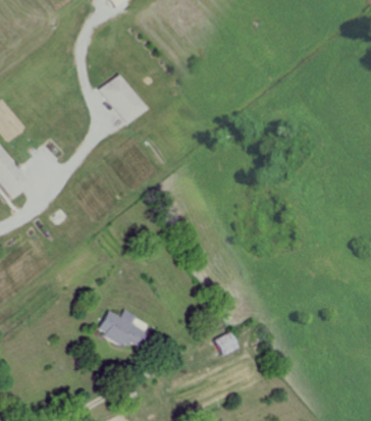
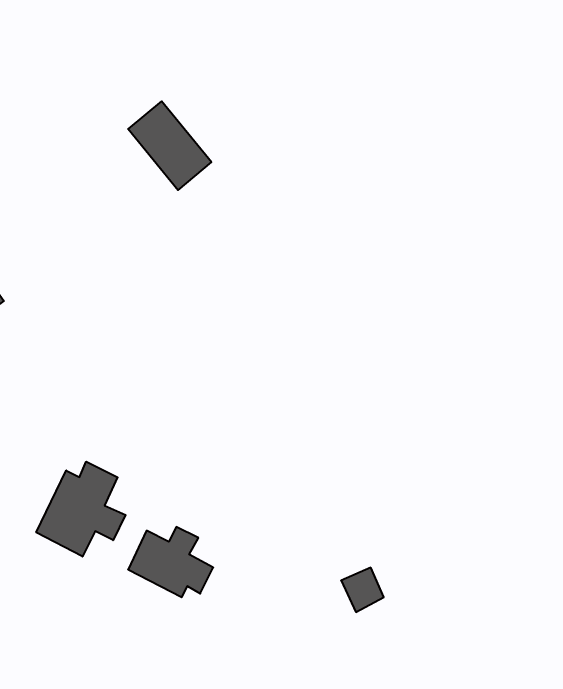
building: none -> [36,462,126,557]

